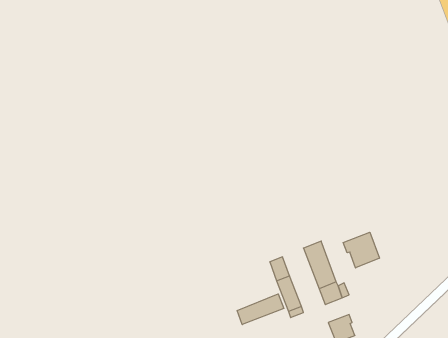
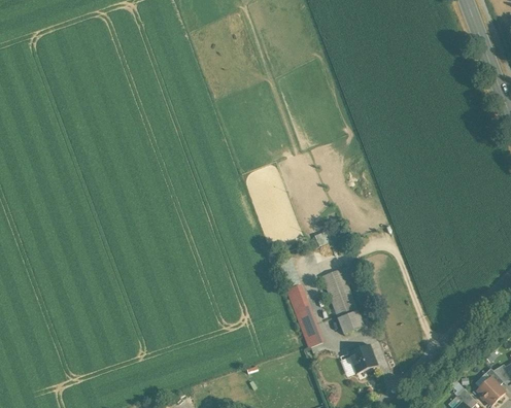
building: [343,232,379,268] -> none
building: [237,294,284,325] -> none

